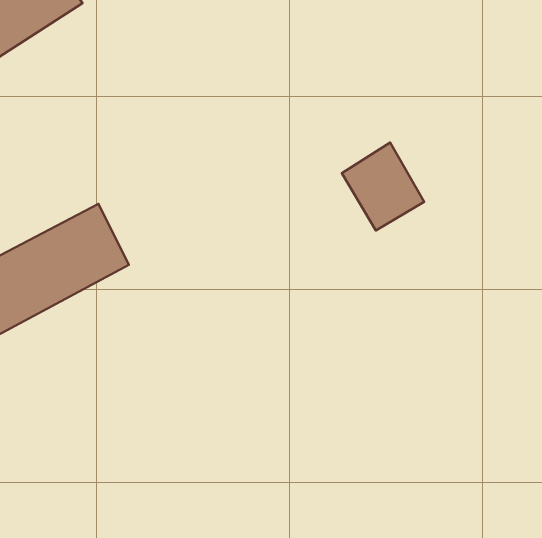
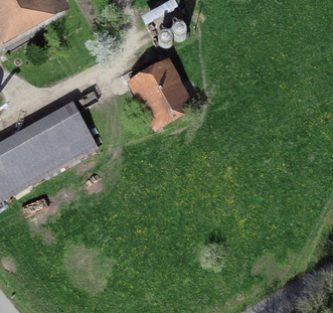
building: [342,143,424,231] -> [138,71,184,121]

